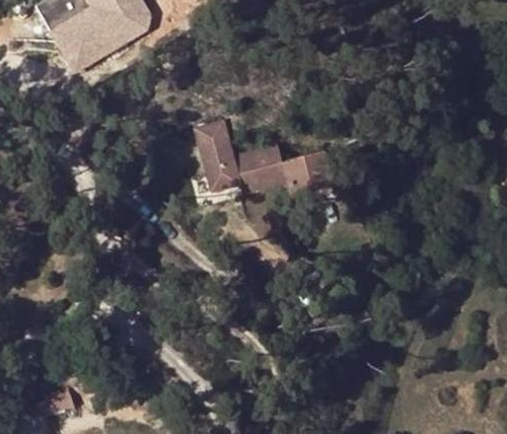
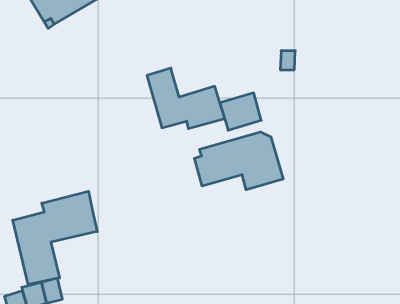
building: none -> [194,132,283,190]
building: none -> [13,191,97,285]

